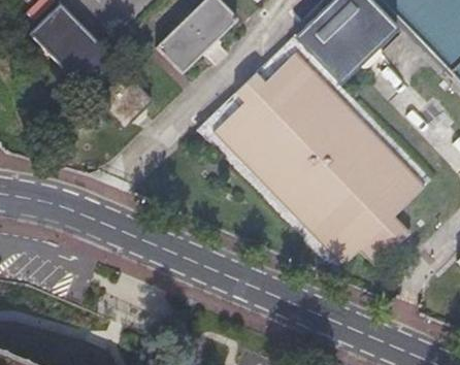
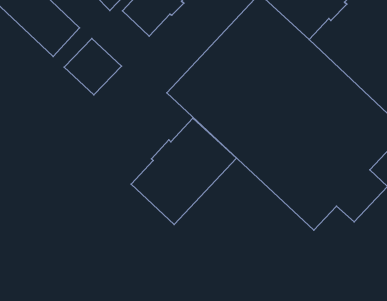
building: none -> [131,118,237,224]

